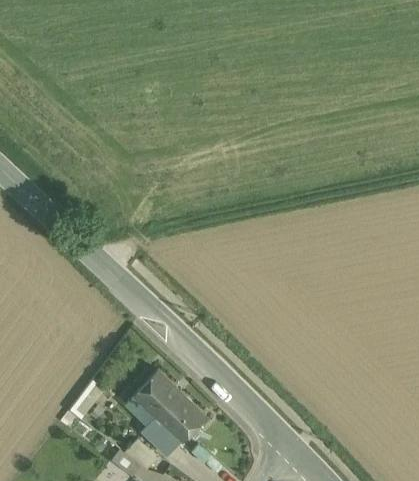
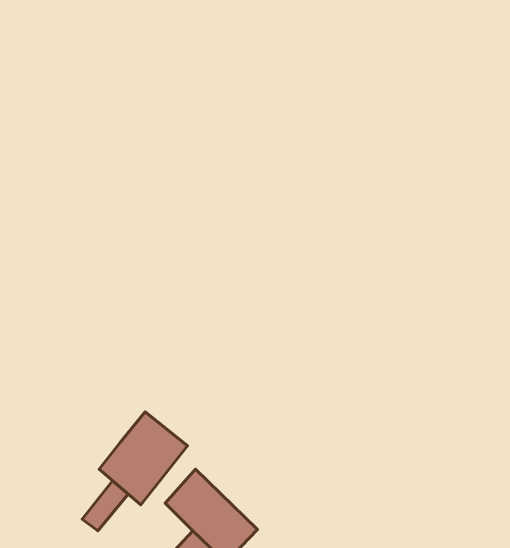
building: none -> [99,412,187,505]

